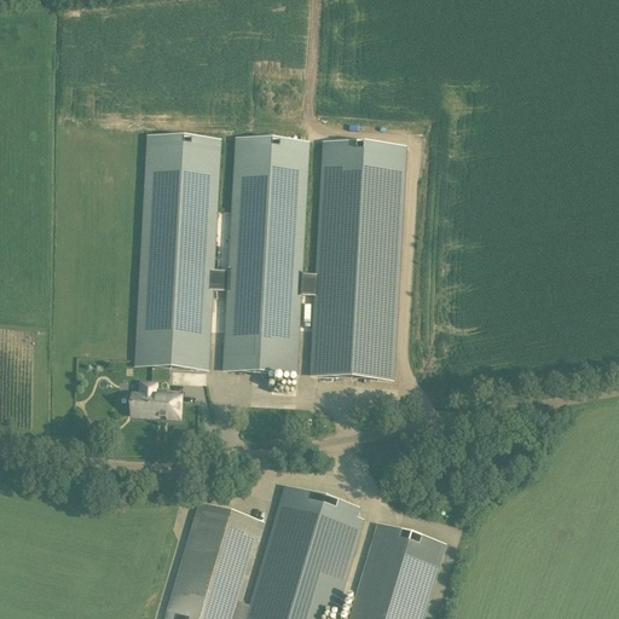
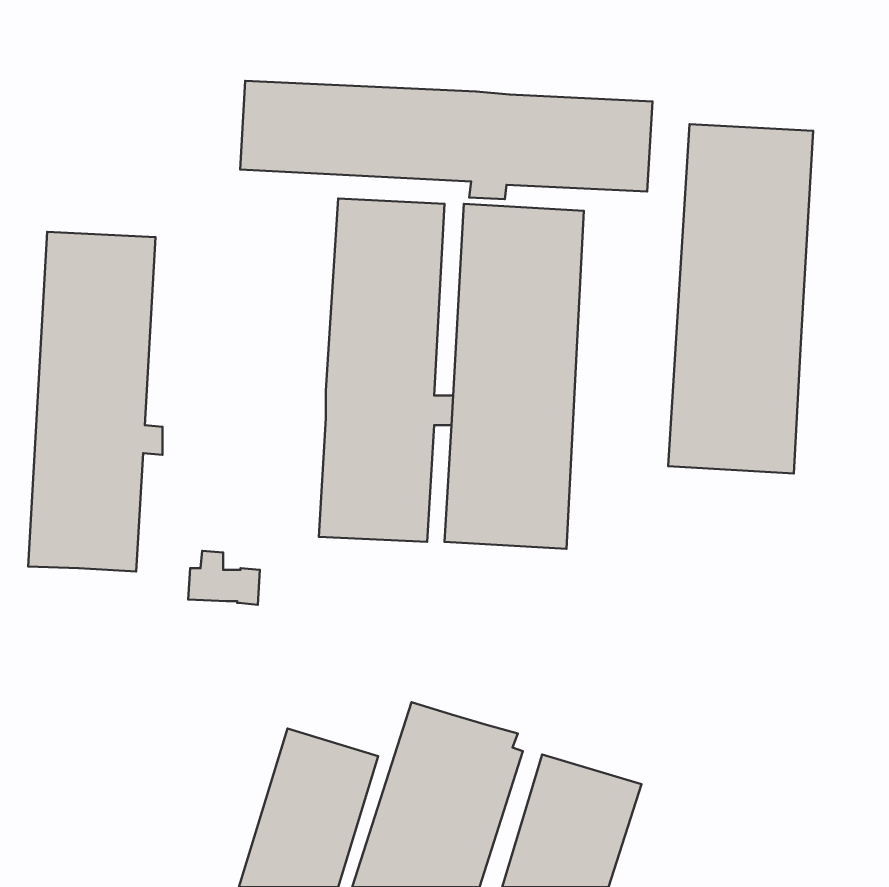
building: none -> [240,81,652,199]
building: none -> [668,124,813,473]
building: [133,135,226,371] -> [28,232,162,572]

